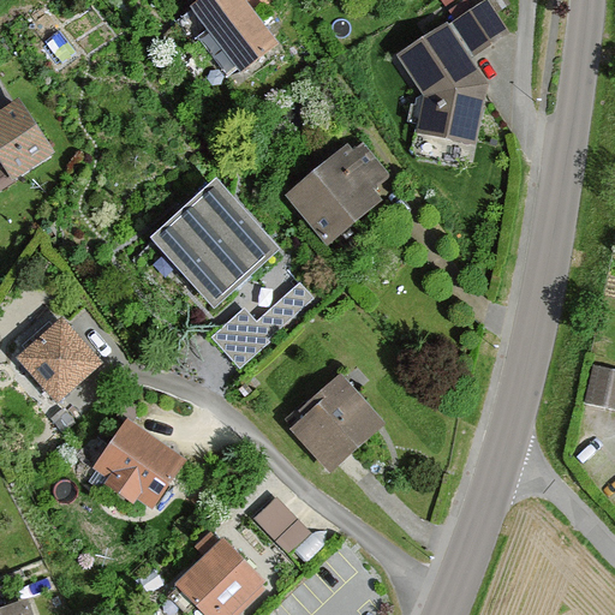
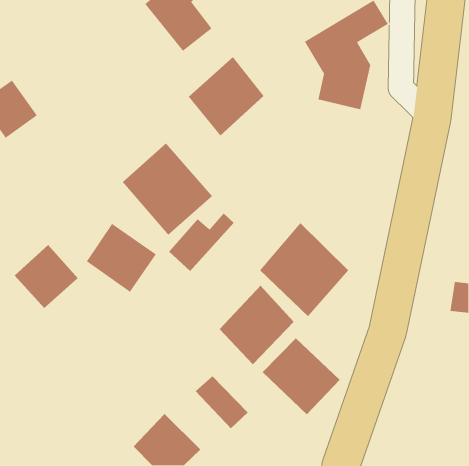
building: [285,143,384,247] -> [188,56,264,137]
building: none -> [259,222,349,317]
building: [94,418,186,509] -> [86,223,157,293]
building: none -> [262,338,341,415]

